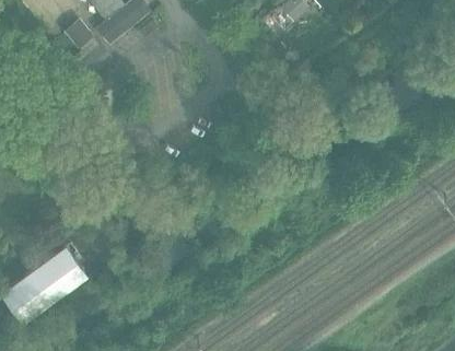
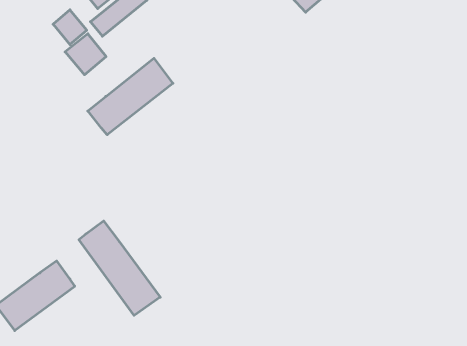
building: none -> [88,58,173,135]
building: none -> [79,221,160,315]

